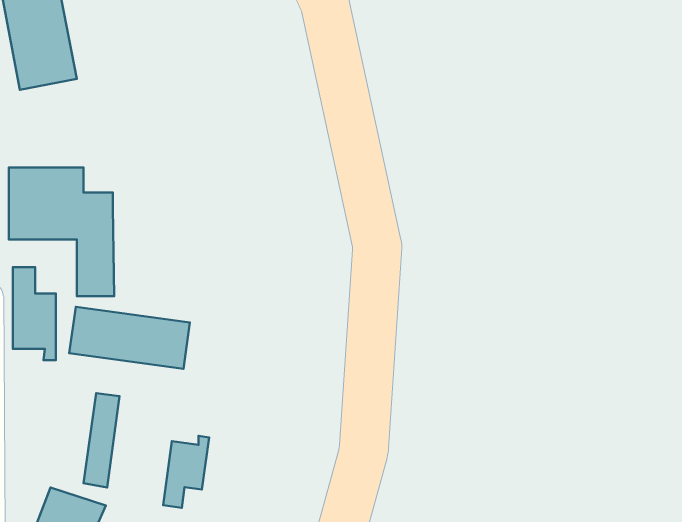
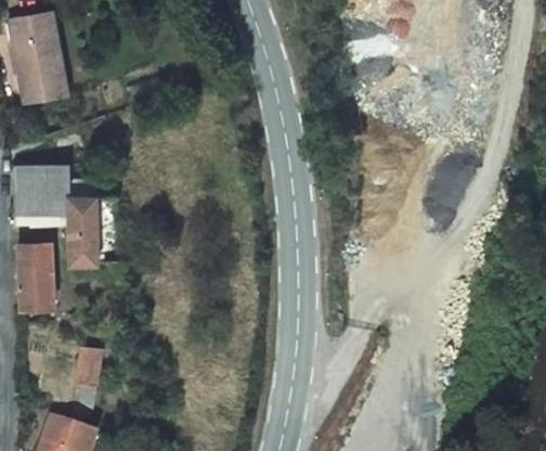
building: [69,307,190,369] -> none
building: [163,436,209,508] -> none

